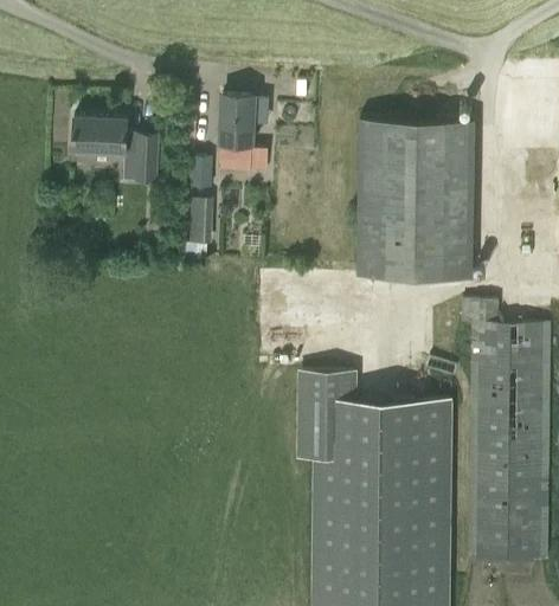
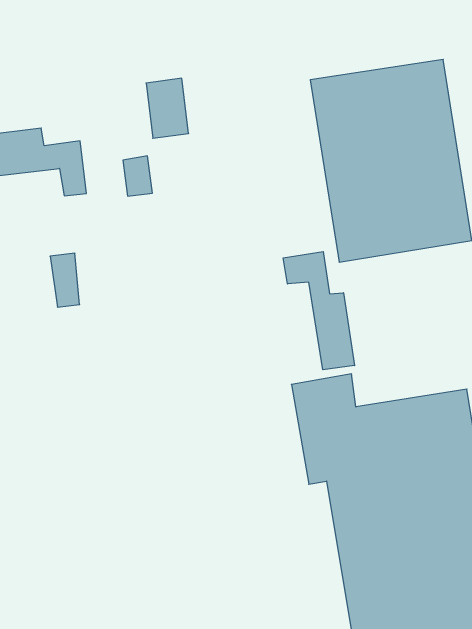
building: [217,149,266,174] -> none
building: [189,198,212,243] -> [50,253,80,307]
building: none -> [283,252,355,370]

